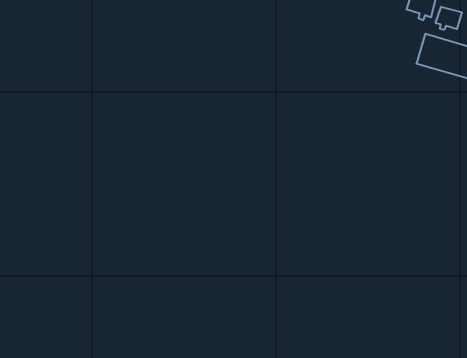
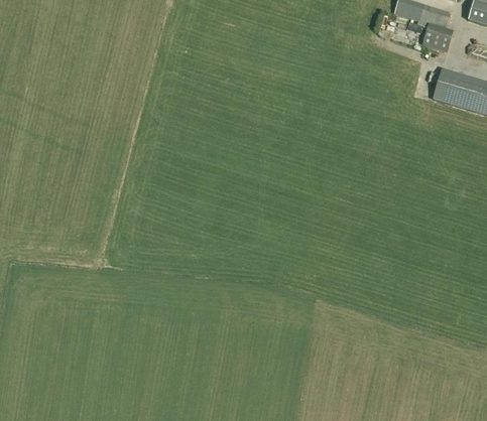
building: [436,7,462,30] -> none

